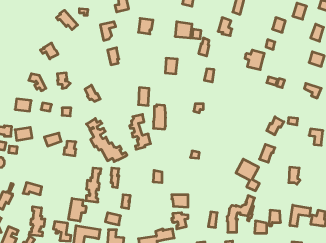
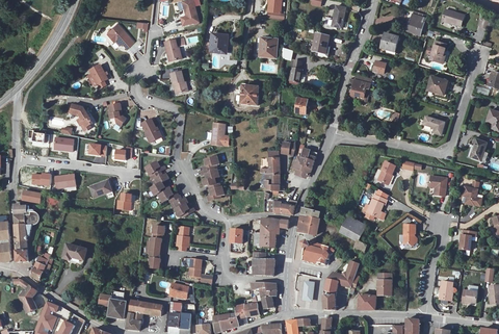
building: [153,105,166,129] -> [264,158,280,189]
building: none -> [291,148,317,177]
building: none -> [297,204,319,233]
building: none -> [251,217,289,246]
building: none -> [301,239,335,265]
building: [69,198,86,221] -> none
building: [290,205,311,226] -> none
building: [29,207,45,236] -> none

